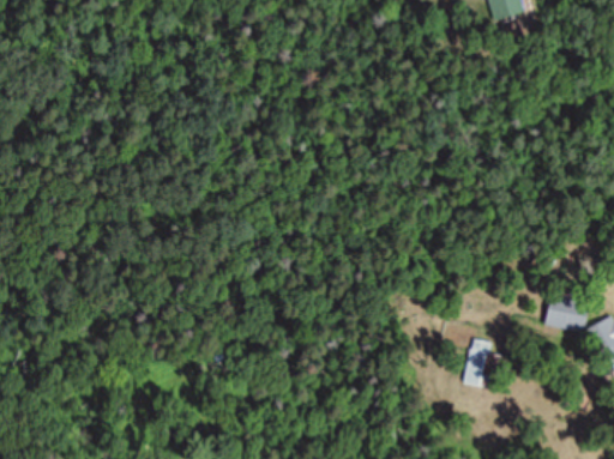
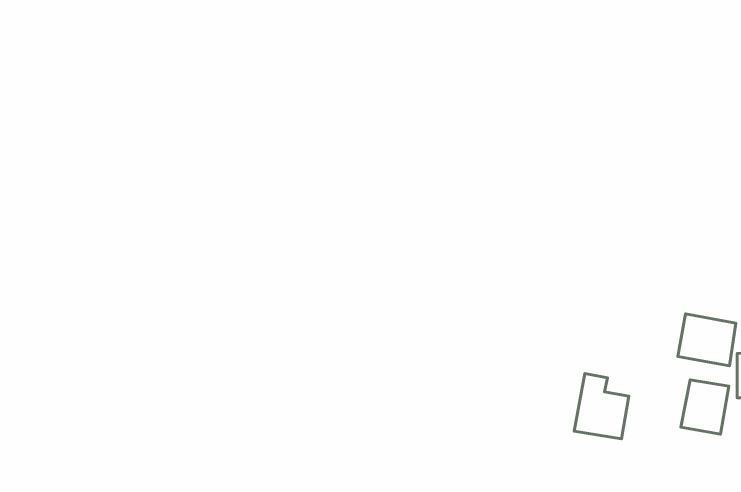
building: none -> [681,380,729,434]

